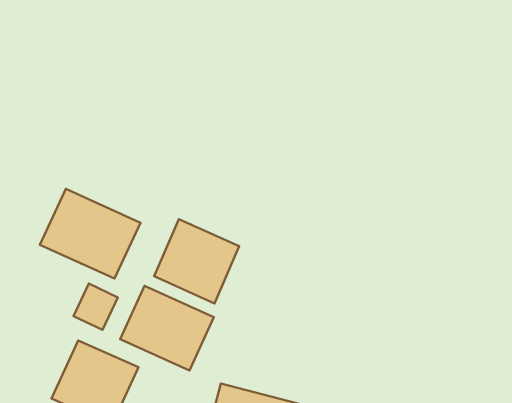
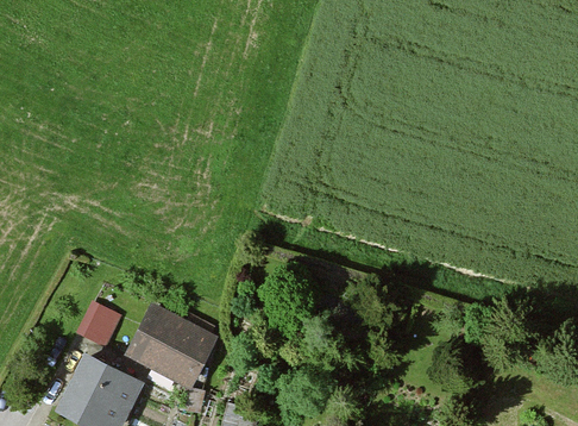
building: [40,189,141,279] -> none
building: [154,219,239,303] -> none

